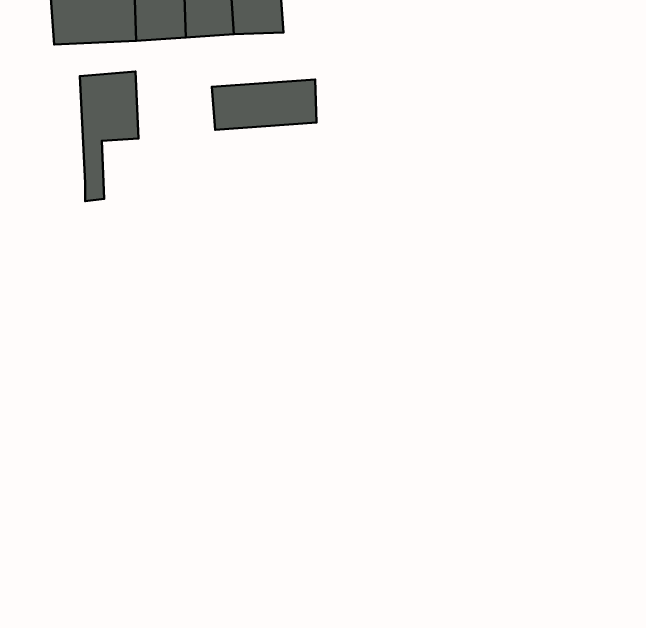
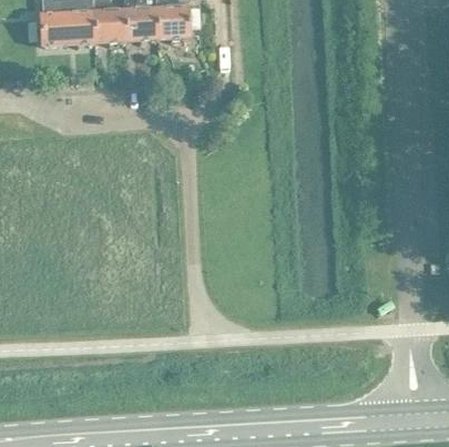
building: [80,72,138,201] -> none
building: [212,80,316,130] -> none

